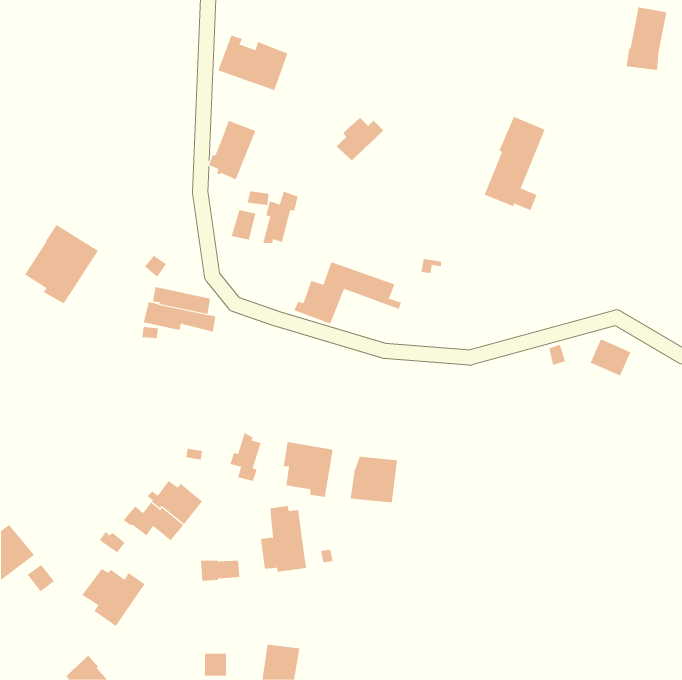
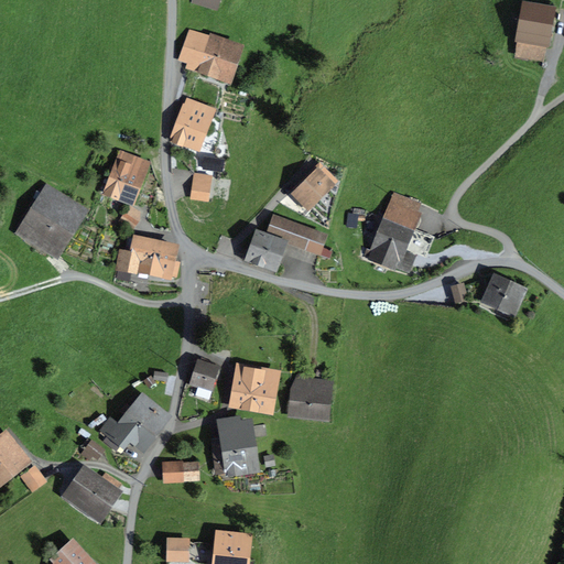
building: [484,116,545,211] -> [370,193,421,271]
building: [336,117,384,161] -> [295,169,335,205]
building: none -> [109,153,144,200]
building: [262,191,298,244] -> none

